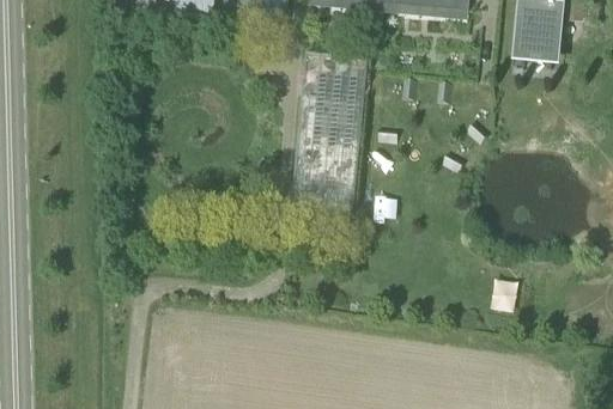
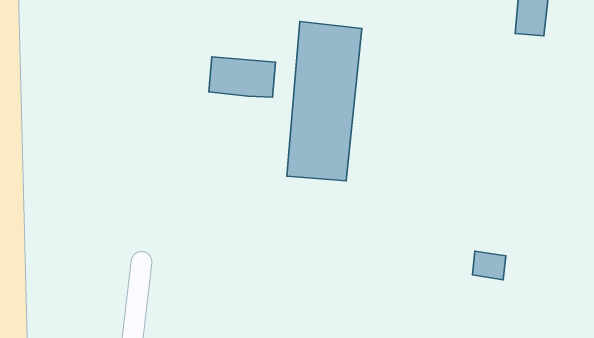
building: none -> [209,57,275,97]

